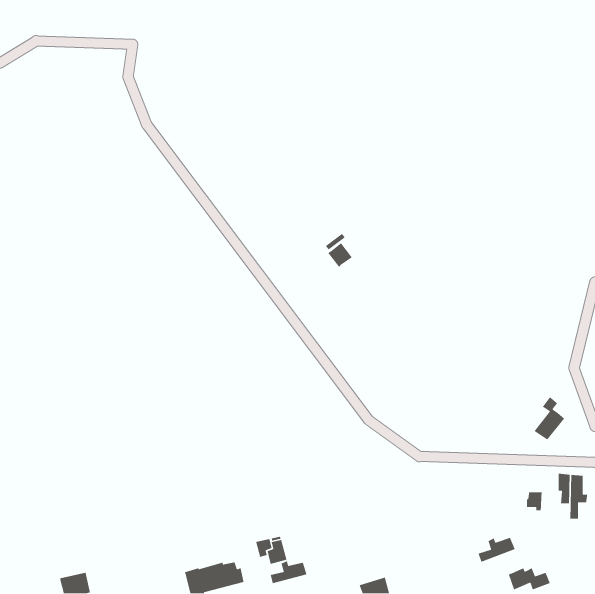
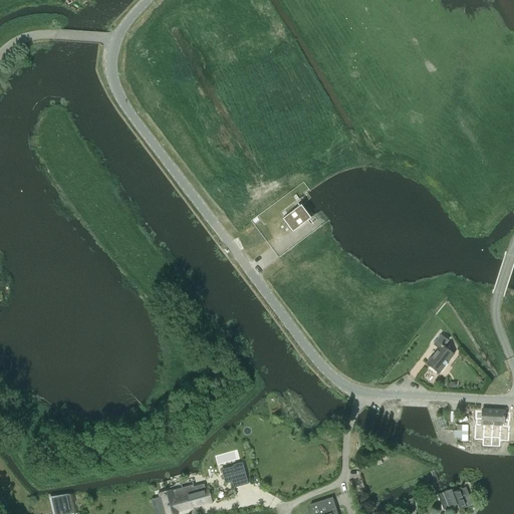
building: [534,396,565,440] -> [426,335,453,373]
building: [478,537,516,563] -> none
building: [270,560,308,584] -> none

